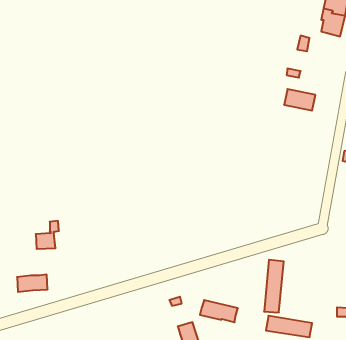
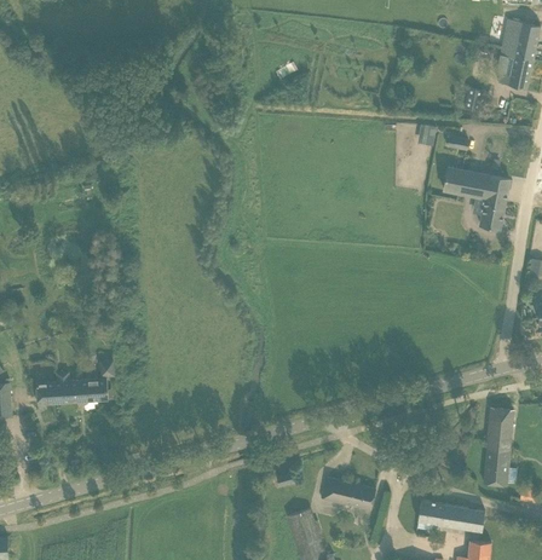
building: none -> [479,175,508,229]
building: [264,260,284,312] -> [483,408,512,485]
building: [17,275,48,292] -> [35,380,80,405]

